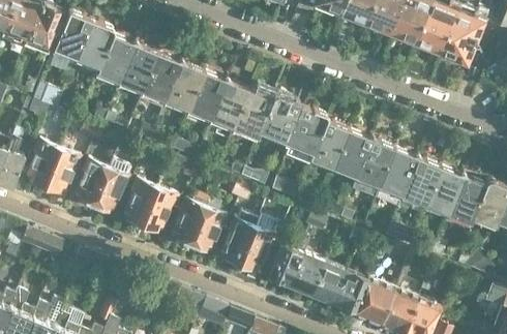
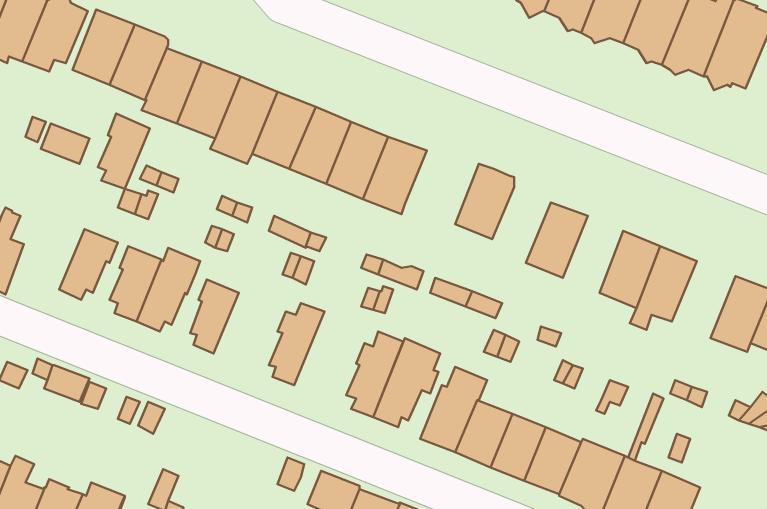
building: [258,95,303,145] -> none
building: [309,122,348,169] -> none
building: [28,139,60,185] -> [98,114,150,189]
building: [351,140,392,198] -> none
building: [422,168,461,215] -> none
building: [140,187,177,231] -> none
building: [189,196,226,250] -> none

